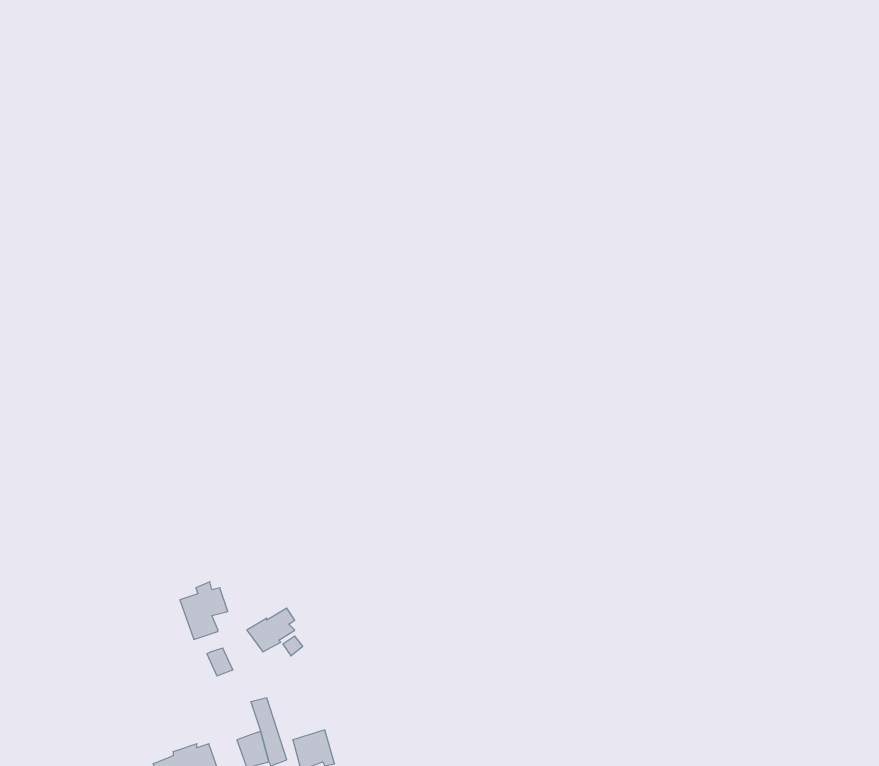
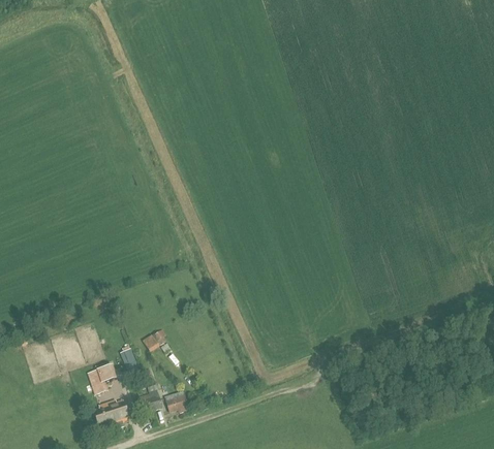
building: [180,582,228,640] -> [89,363,114,393]

